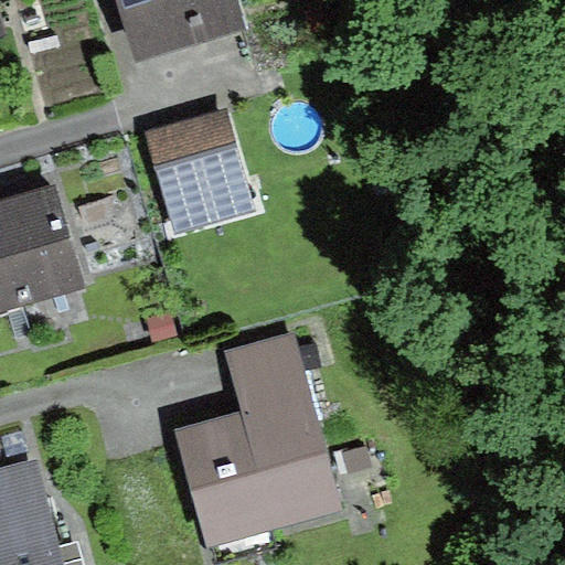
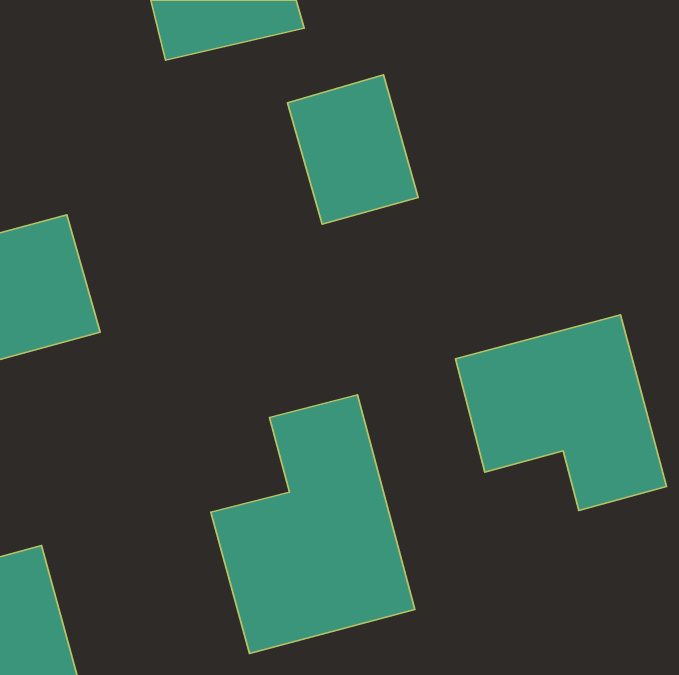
building: [146,111,254,235] -> [287,75,418,224]
building: none -> [456,315,666,510]

